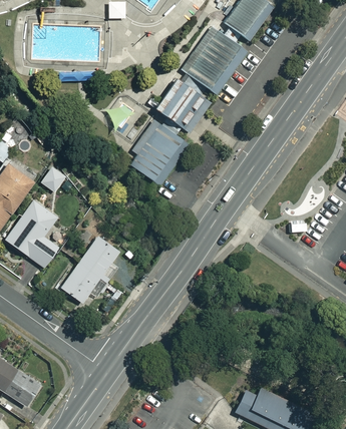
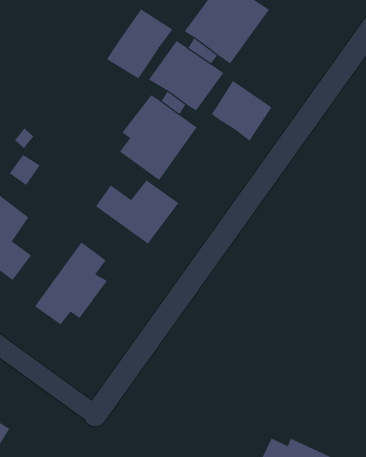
building: none -> [106,8,173,79]
building: none -> [211,80,272,142]
building: none -> [95,179,179,245]

